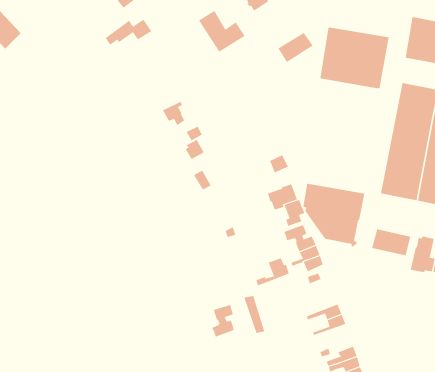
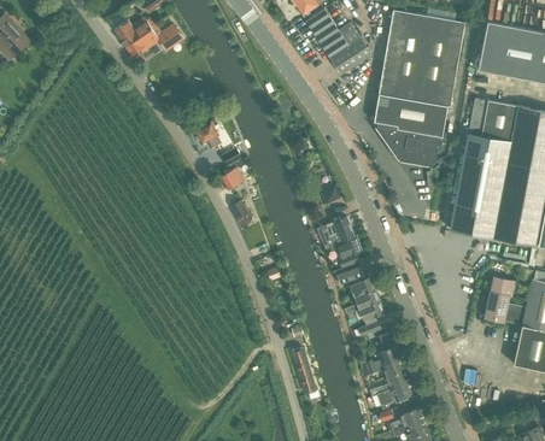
building: none -> [388,10,464,46]
building: [198,10,246,52] -> [305,10,361,59]
building: none -> [115,18,156,47]
building: [302,183,365,247] -> [374,94,447,169]
building: [372,228,411,256] -> none
building: [256,257,289,286] -> [361,339,400,372]
building: [212,304,234,337] -> none
building: none -> [371,382,414,411]

